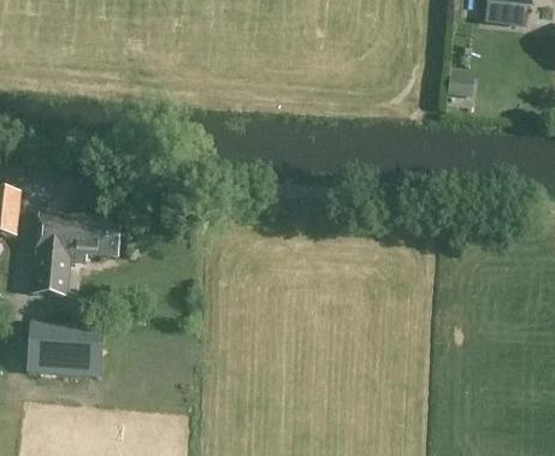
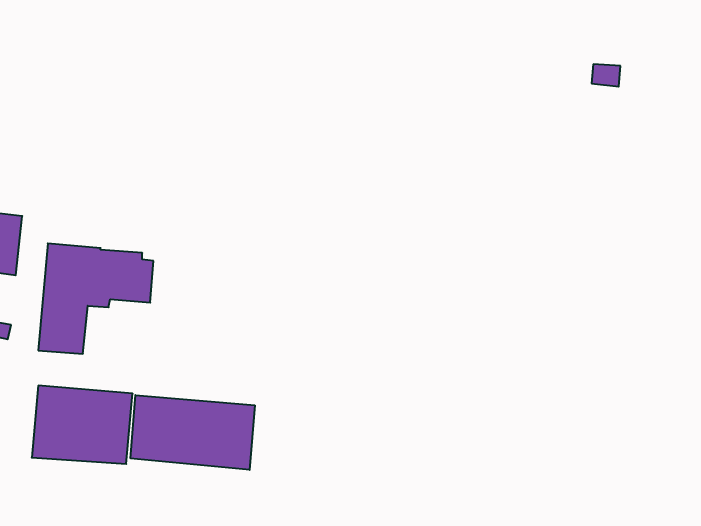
building: none -> [131,395,255,470]

